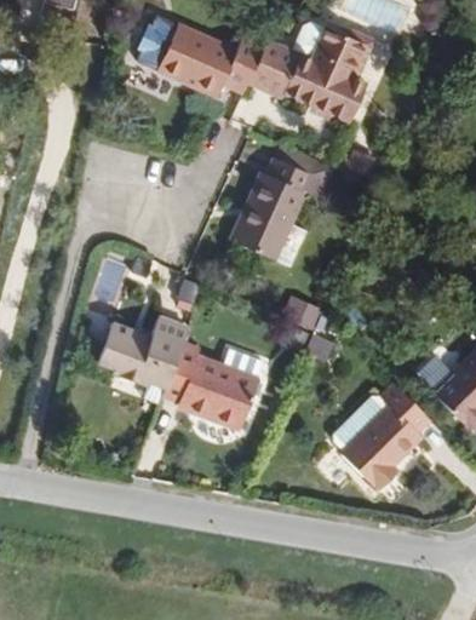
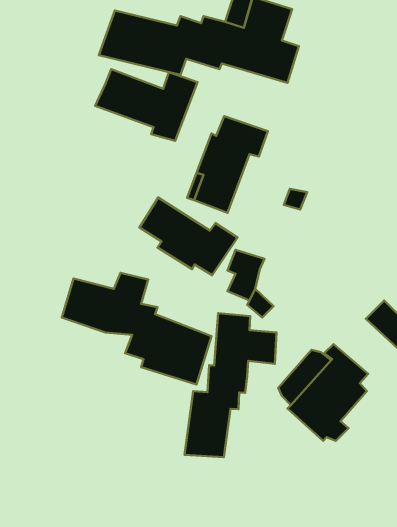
building: none -> [95,69,198,141]
building: none -> [139,198,238,275]
building: none -> [185,313,276,457]

